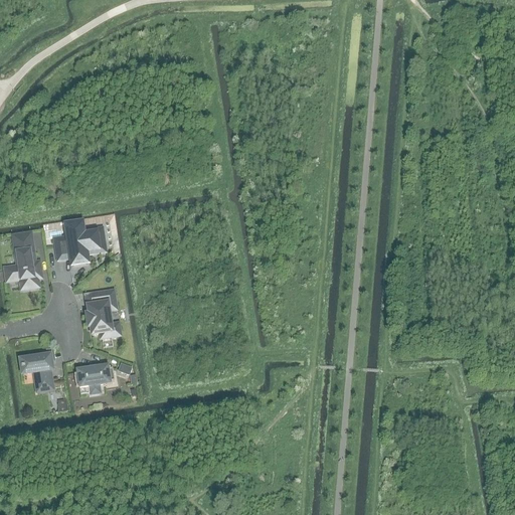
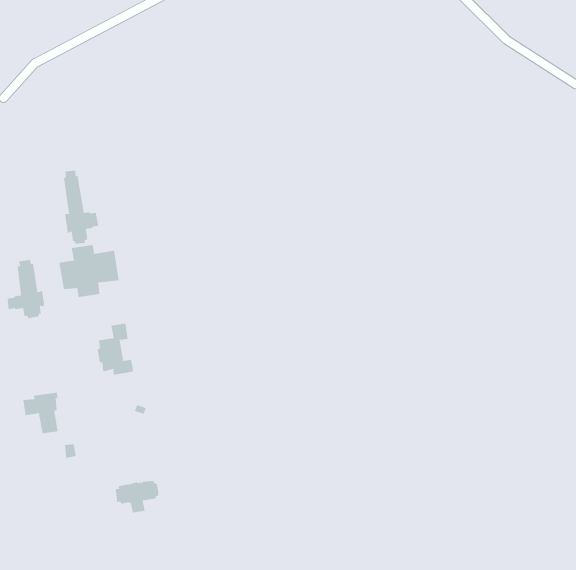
building: none -> [64,170,99,245]
building: [74,363,114,392] -> [115,480,159,513]

